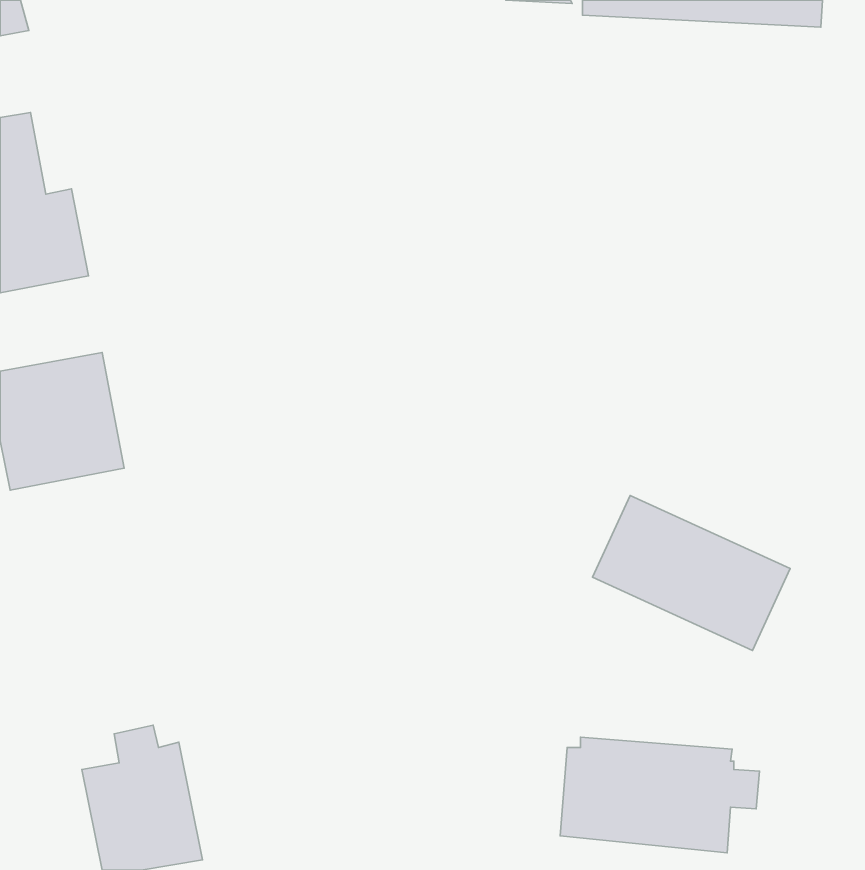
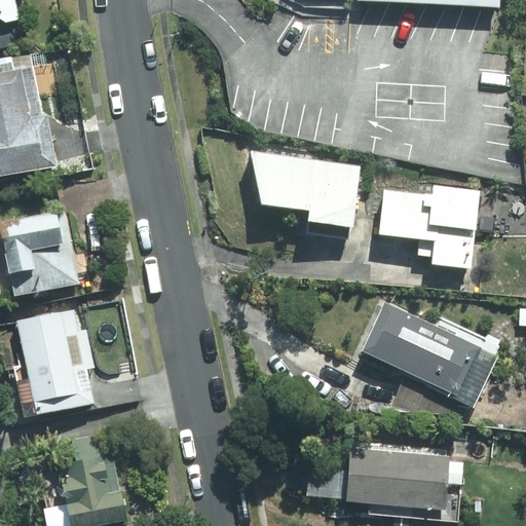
building: none -> [249,150,361,238]
building: none -> [380,190,479,262]
building: none -> [13,310,97,415]

